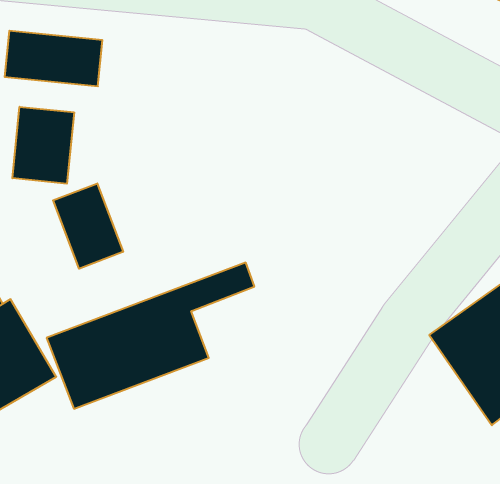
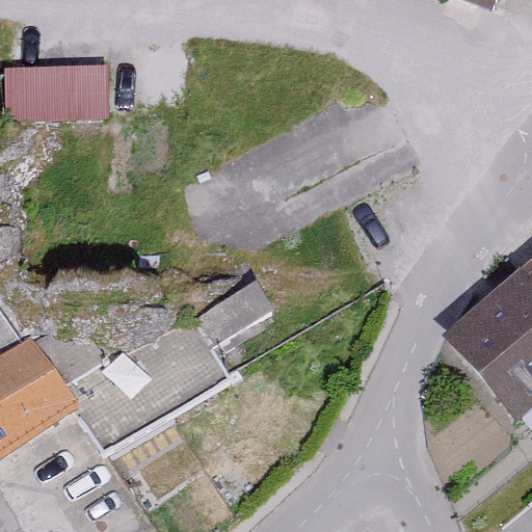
building: [12,107,74,184] -> none
building: [53,183,123,269] -> none

